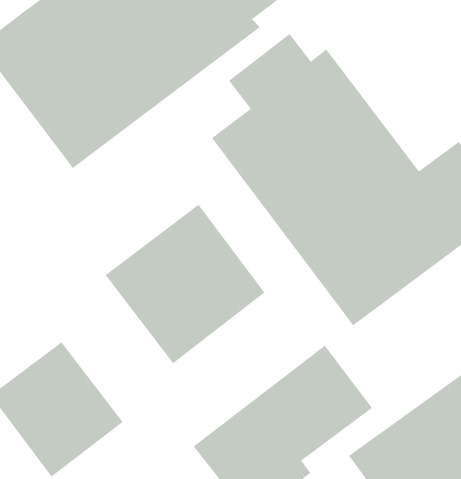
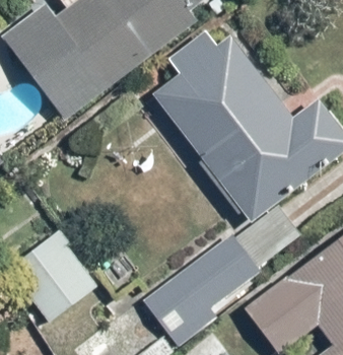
building: [105,204,265,364] -> none

